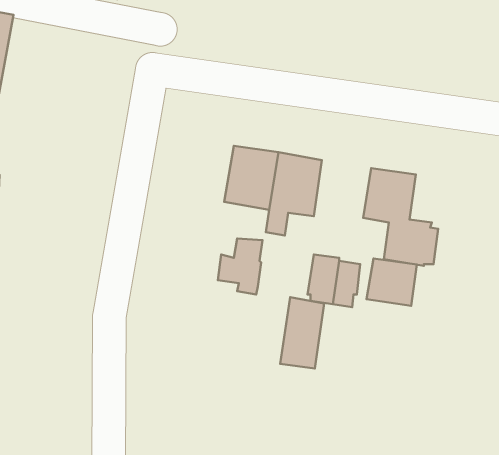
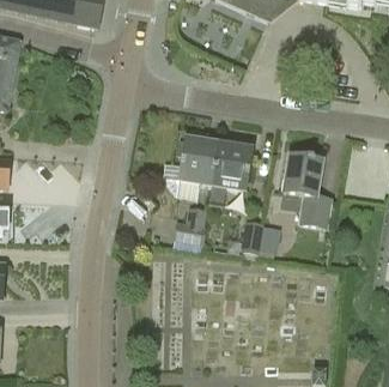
building: [367,258,417,306] -> none
building: [280,297,324,368] -> none

